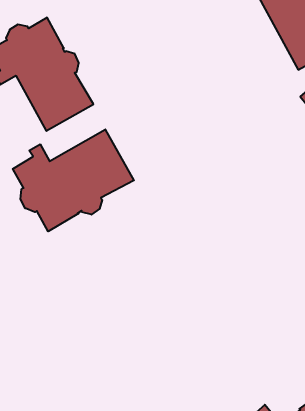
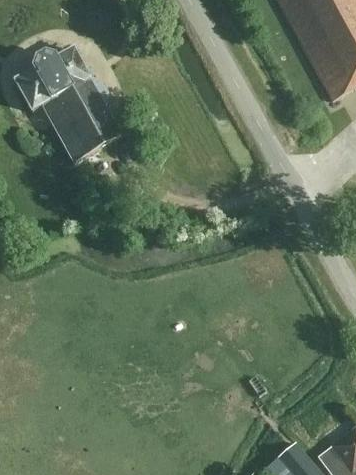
building: [13,129,134,231] -> none

